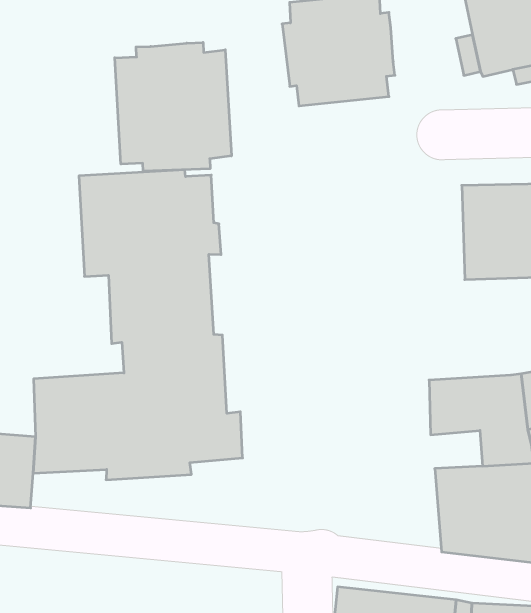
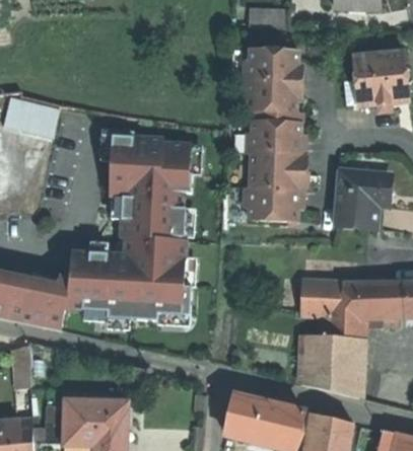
building: [115,42,231,171] -> none
building: none -> [244,119,304,218]

